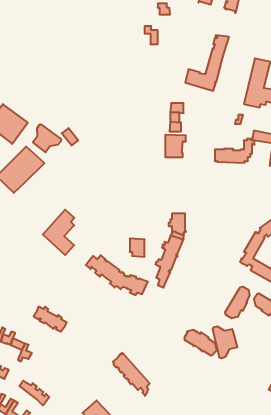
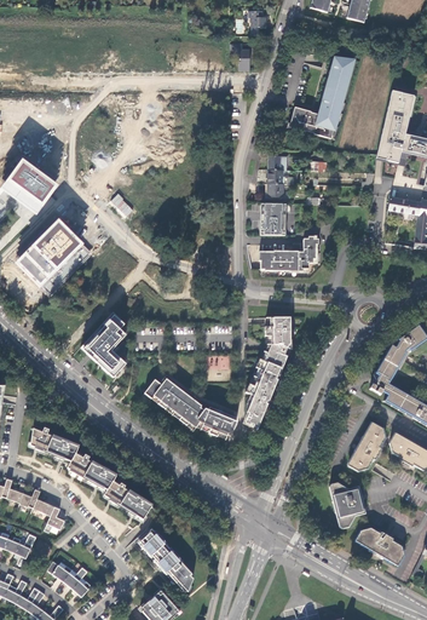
building: [33,124,61,152] -> none
building: [215,139,255,163] -> [260,235,318,270]
building: none -> [30,427,77,461]
building: none -> [104,481,151,518]
building: [184,330,217,356] -> [357,527,404,564]
building: [113,353,150,396] -> [139,528,194,591]

